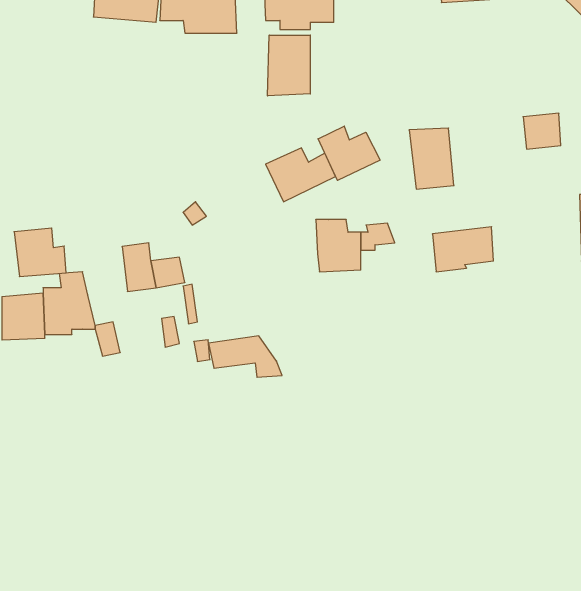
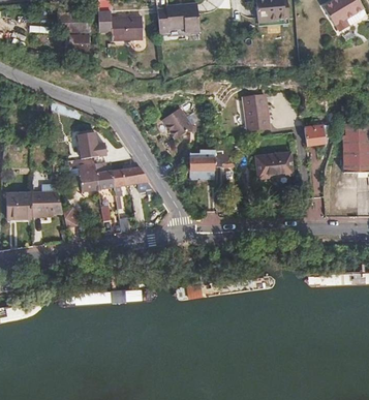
building: [268,35,310,96] -> none
building: [523,113,561,149] -> [305,124,327,145]
building: [318,126,380,180] -> none
building: [14,228,66,277] -> [72,129,102,157]
building: [208,336,282,377] -> [111,165,153,189]

